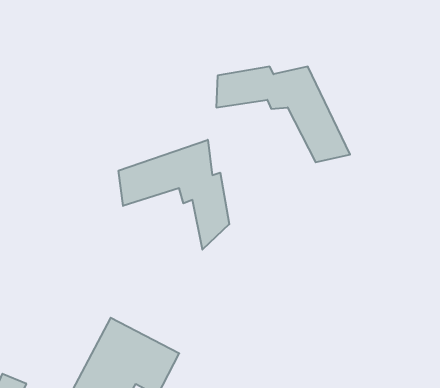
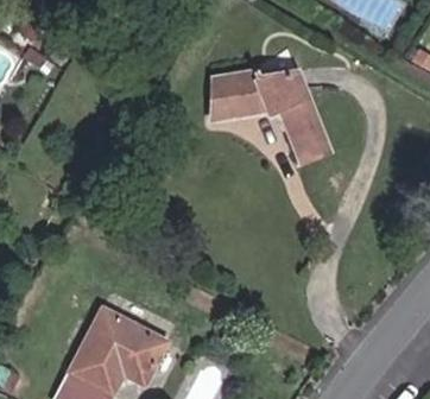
building: [119,140,229,250] -> none

